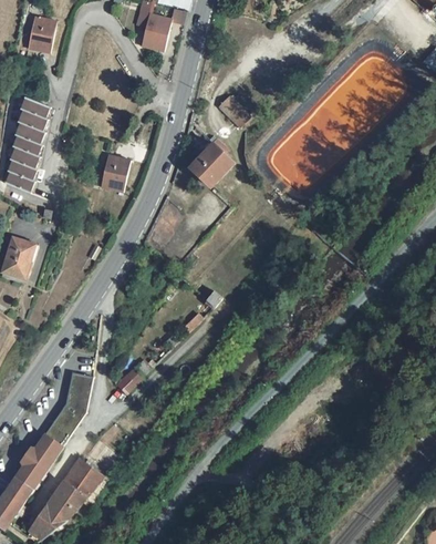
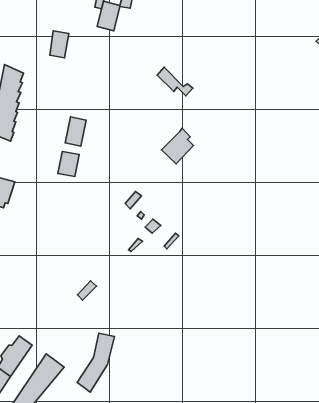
building: [30,18,54,52] -> [50,31,69,58]
building: [190,140,231,185] -> [161,128,194,164]
building: none -> [58,151,79,177]
building: [42,376,90,451] -> [77,333,114,392]

